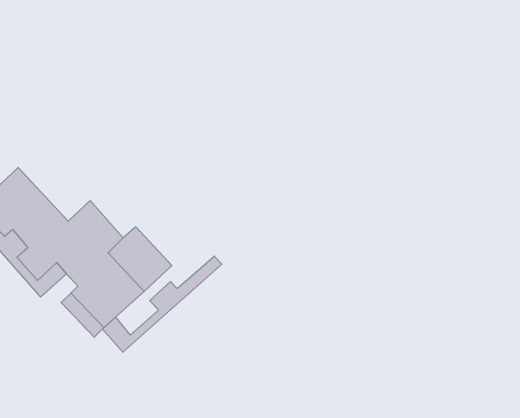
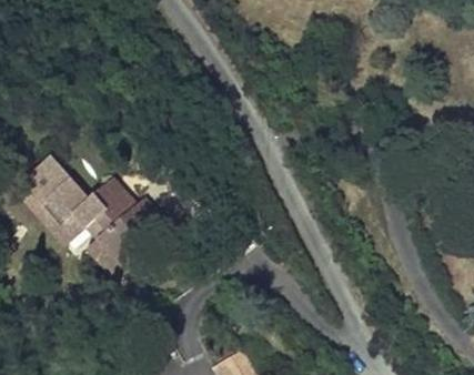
building: [102,256,222,352] -> none

